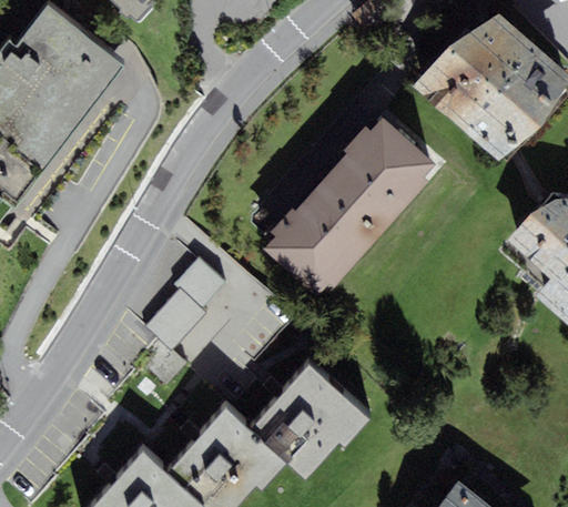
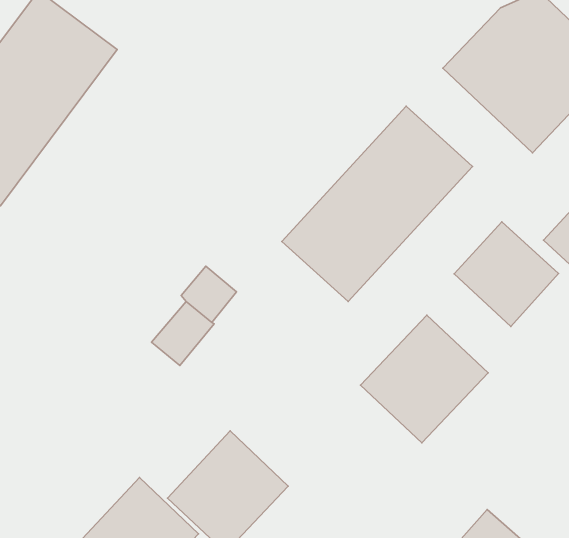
building: none -> [454,222,559,327]
building: [247,359,363,475] -> [360,315,488,443]

